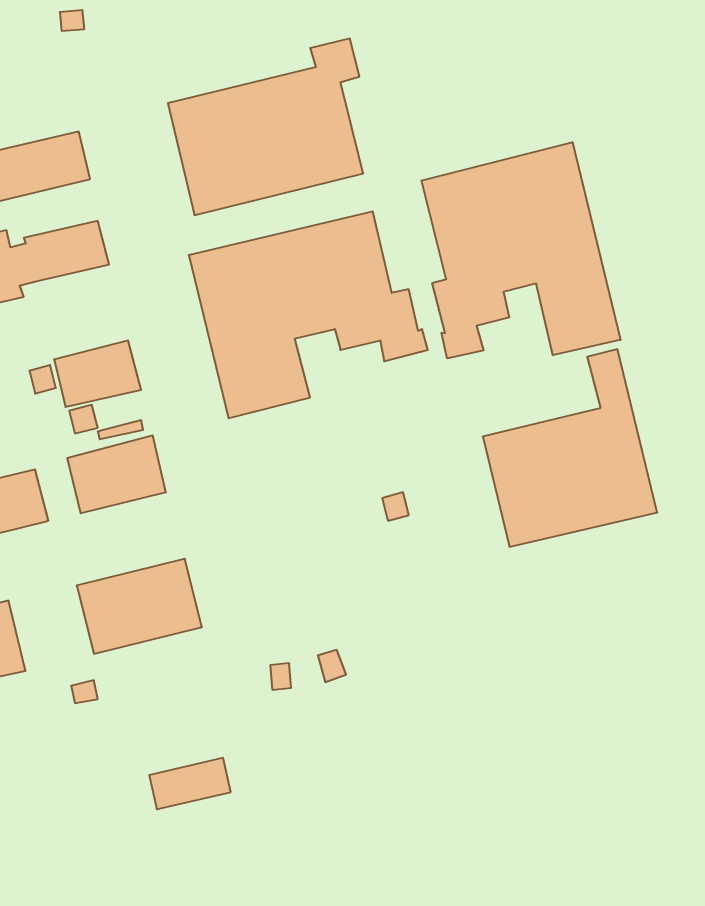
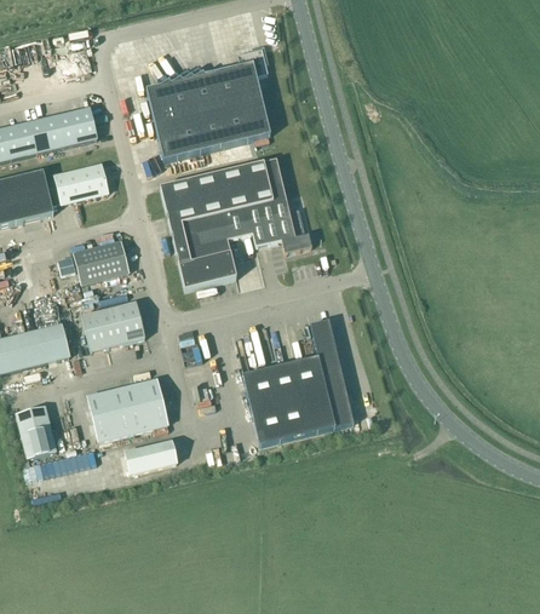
building: [421,142,621,358] -> none
building: [483,349,657,547] -> [242,319,354,444]
building: [149,758,231,809] -> [123,440,176,472]

